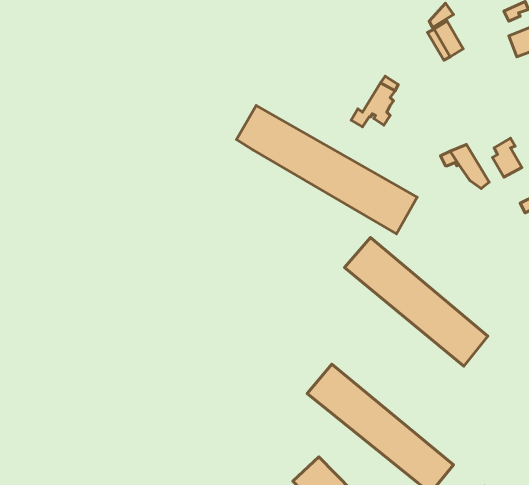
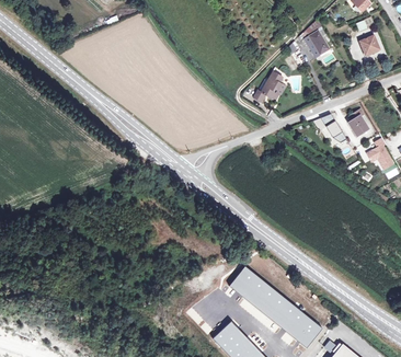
building: [237,105,417,234] -> none
building: [345,238,488,366] -> none

